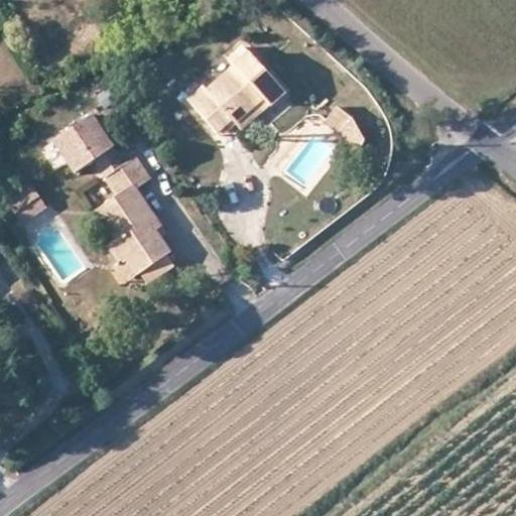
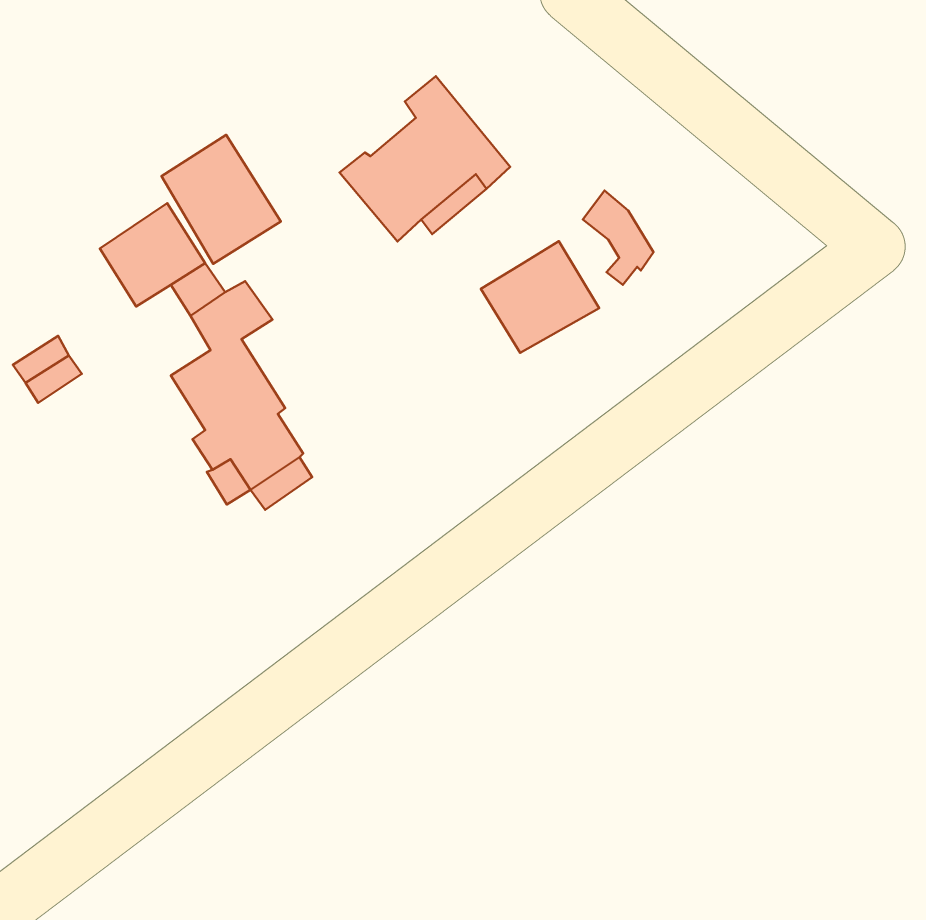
building: none -> [161,135,281,264]
building: none -> [481,241,599,353]

